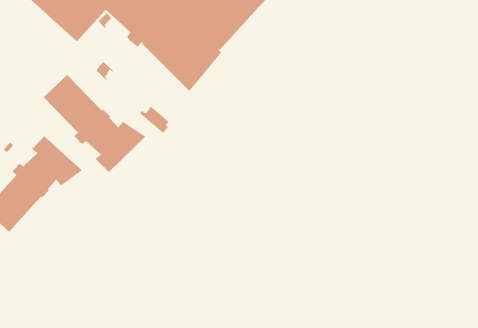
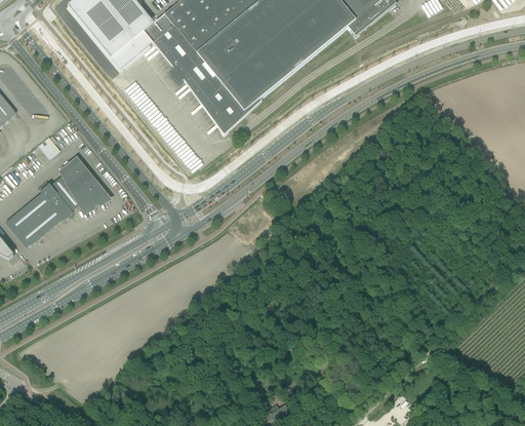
building: [43,74,146,173] -> none

